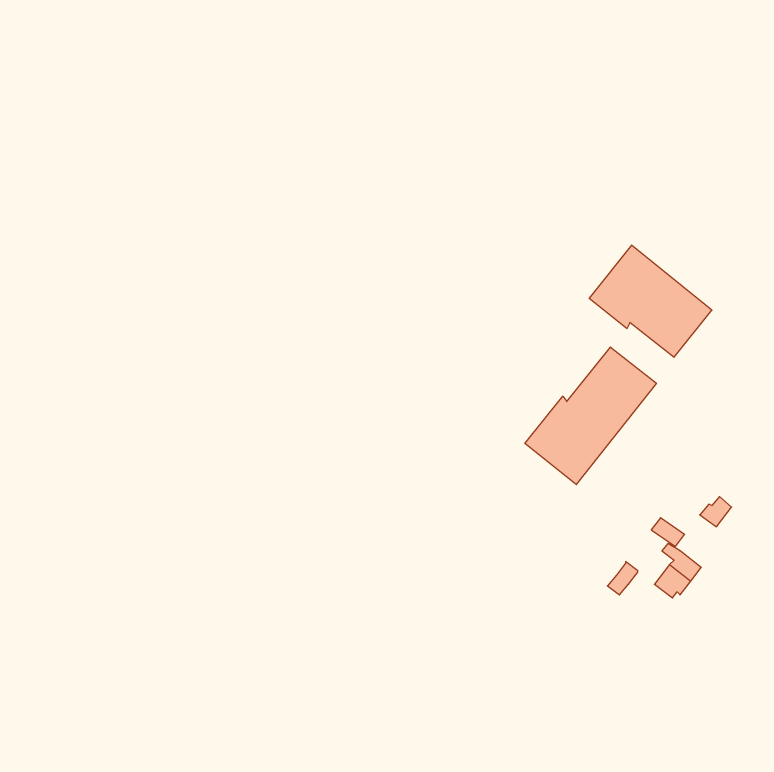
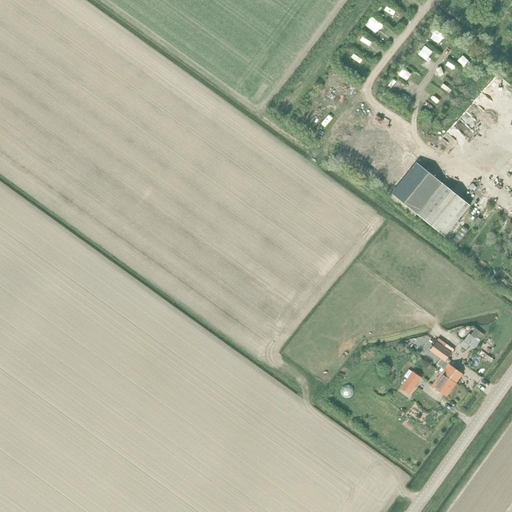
building: [525,347,656,485] -> none

